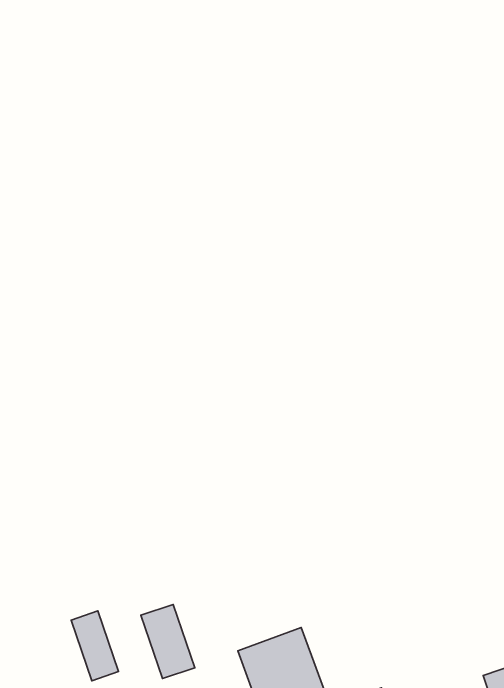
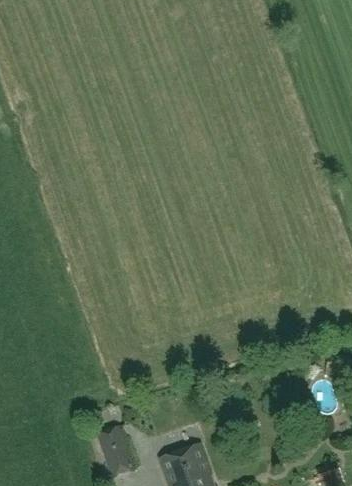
building: [71,611,119,681] -> none

